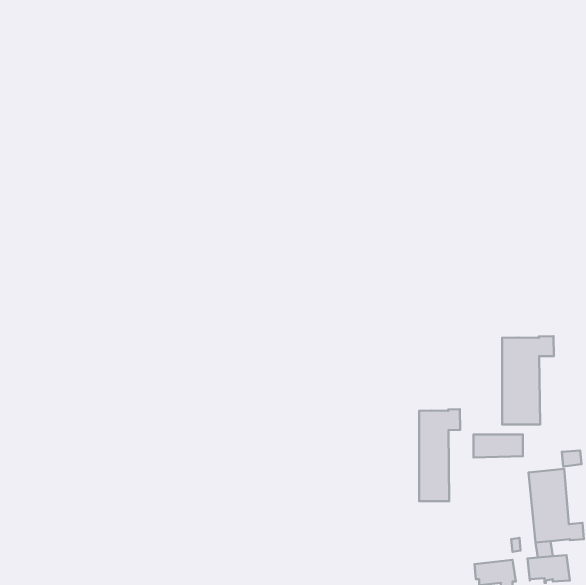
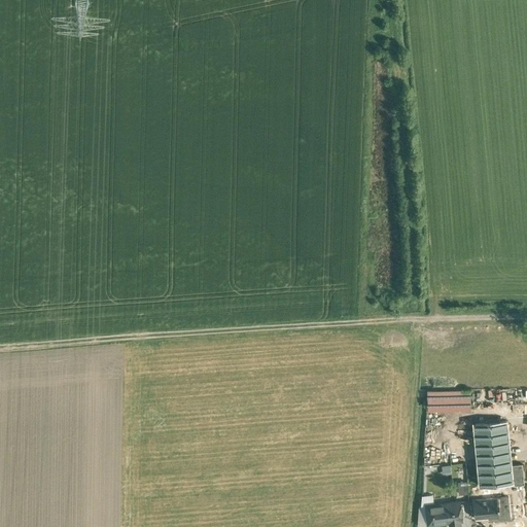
building: [502,336,554,425] -> none
building: [419,409,460,501] -> none

